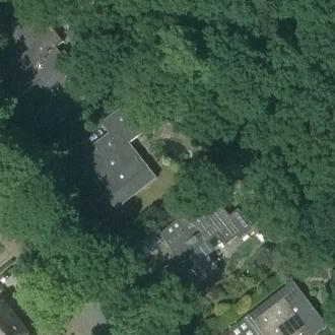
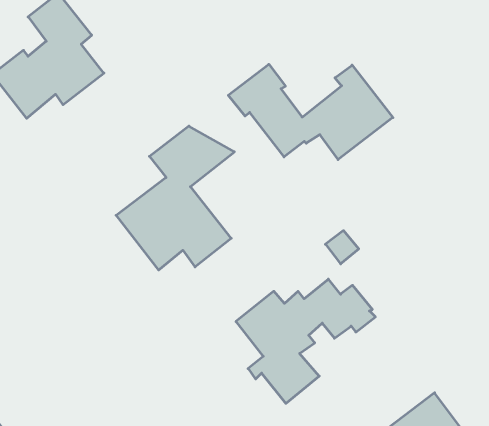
building: none -> [228,64,393,160]

